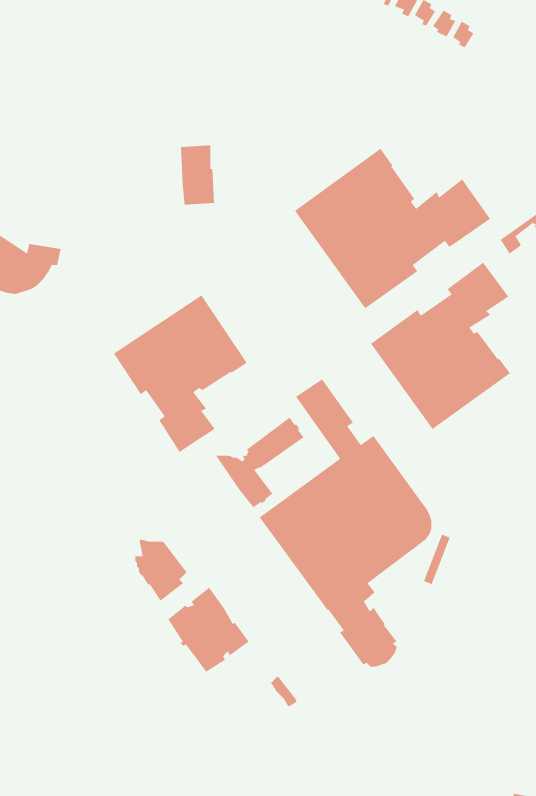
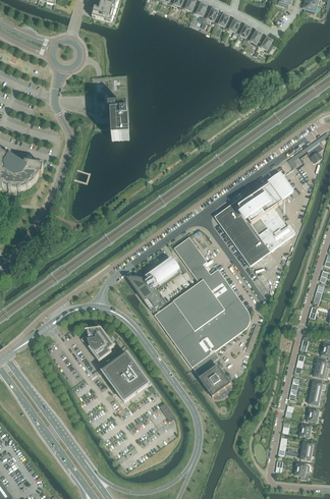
building: [294,148,491,309] -> none
building: [113,294,247,453] -> none

